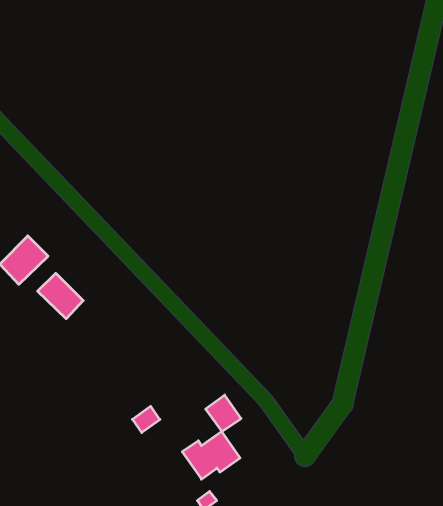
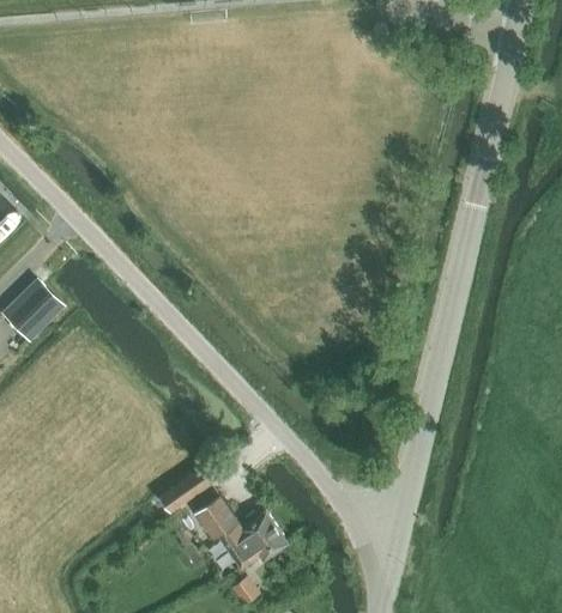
building: [38,273,83,319] -> none
building: [206,395,241,432] -> [195,494,237,538]

